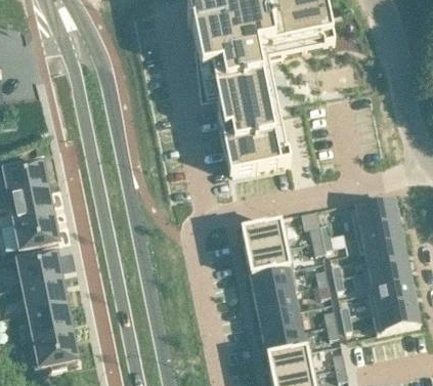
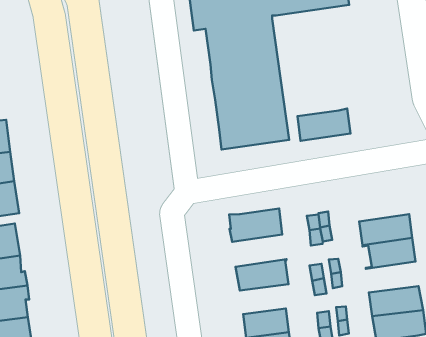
building: [351,198,398,228] -> [297,109,350,141]
building: [246,244,294,274] -> none
building: [363,260,410,290] -> none
building: [255,287,297,315] -> none

